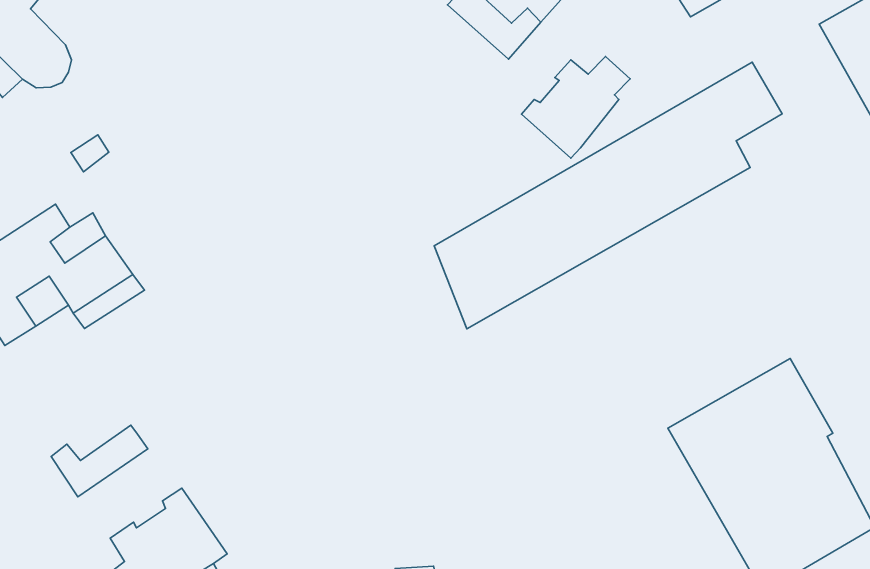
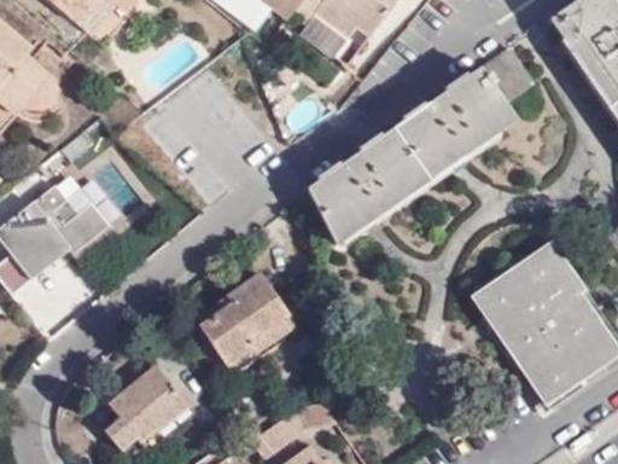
building: [522,57,630,158] -> none
building: none -> [202,274,288,372]
building: [51,425,148,497] -> none

